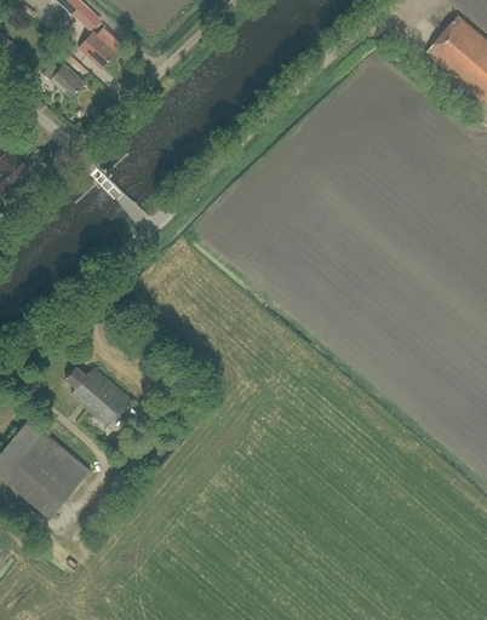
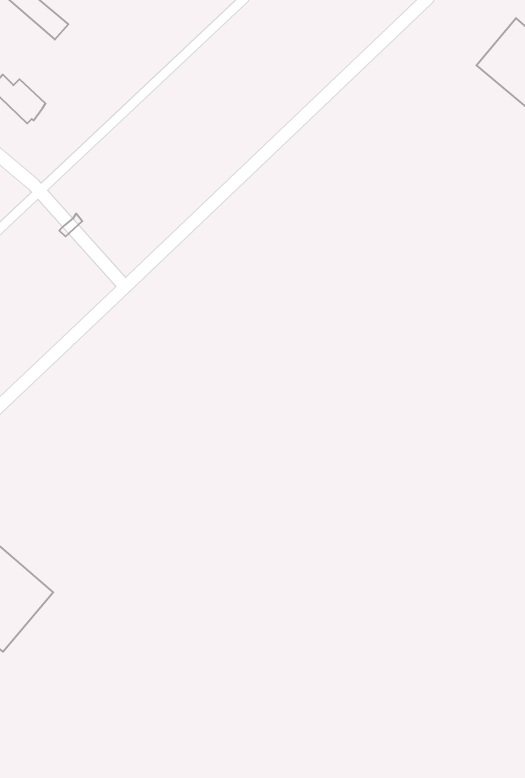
building: [79,31,116,68] -> none
building: [65,366,132,426] -> none

